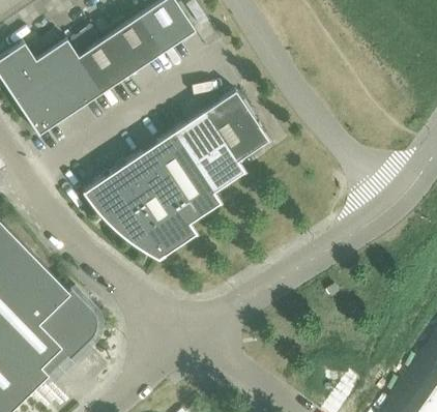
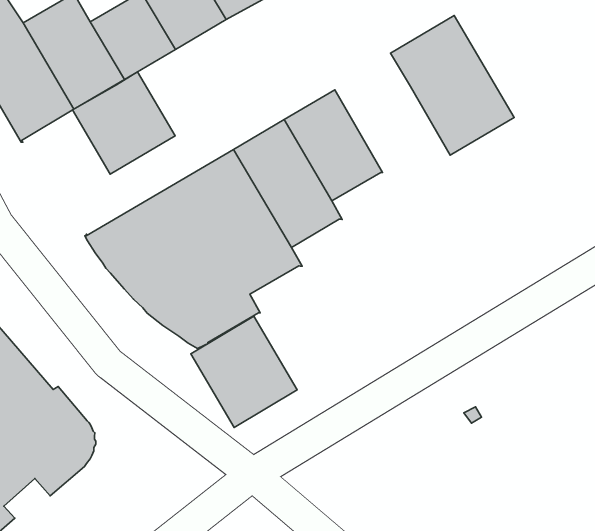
building: none -> [390,16,514,155]
building: none -> [73,72,175,174]
building: none -> [191,316,297,427]

